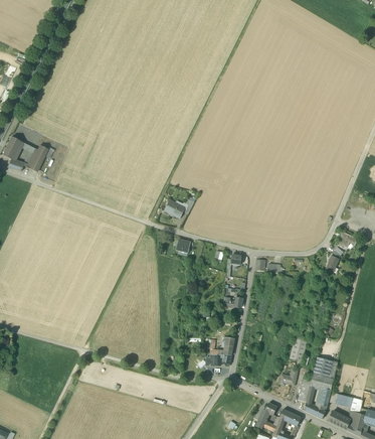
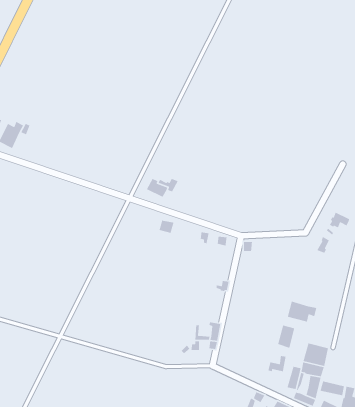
building: none -> [287,301,317,322]

